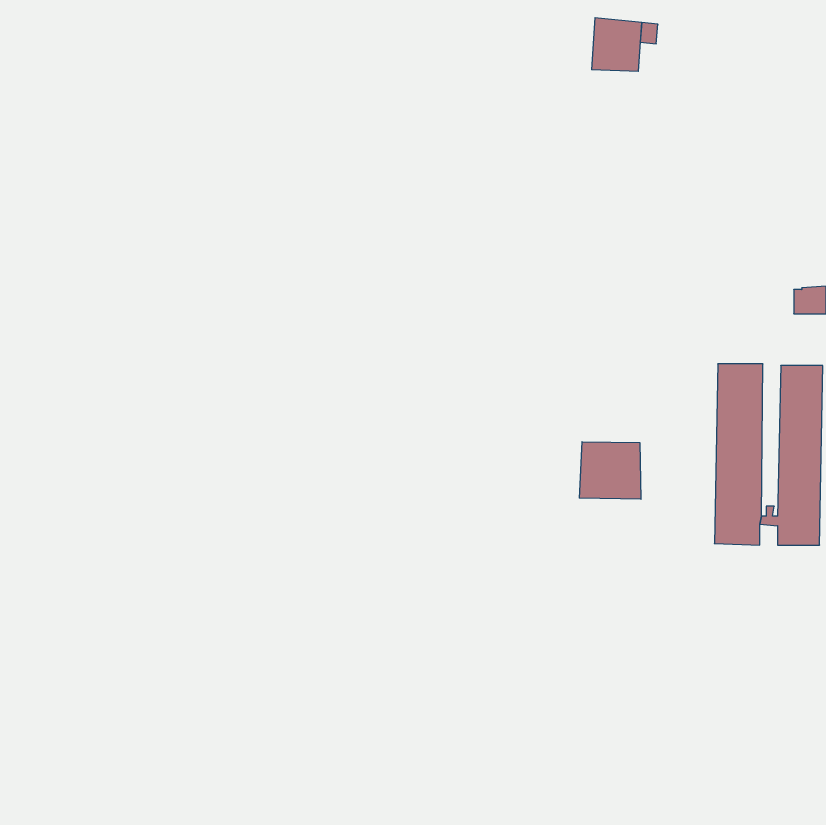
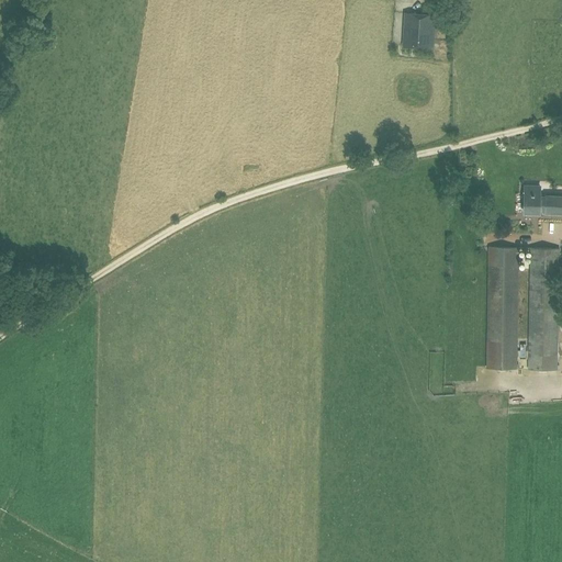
building: none -> [524,187,540,215]
building: [579,442,641,499] -> none

